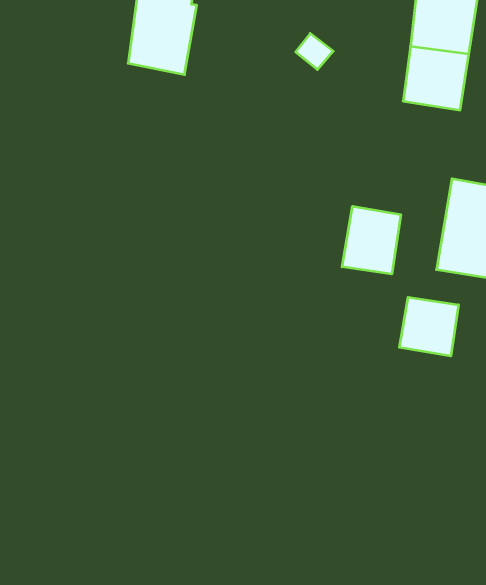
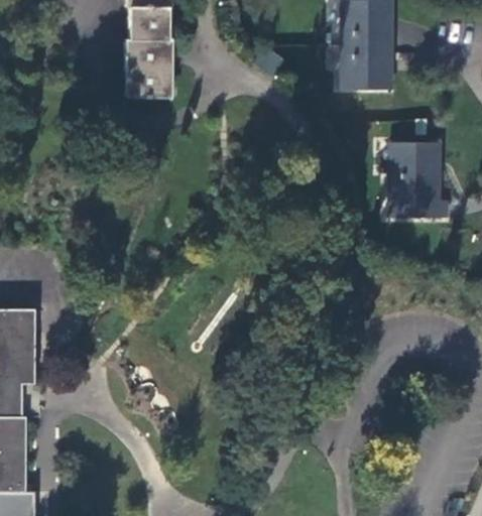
building: [342,206,401,274] -> none
building: [399,297,458,356] -> none

